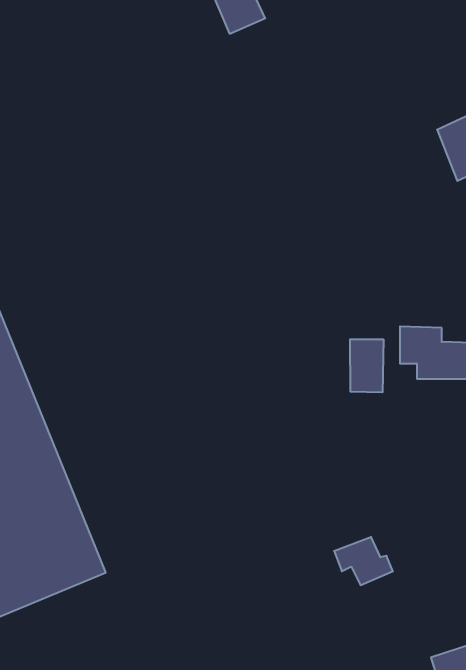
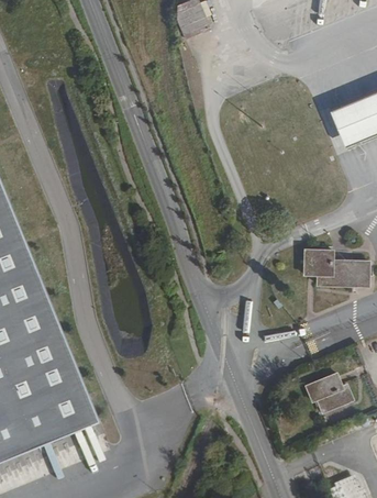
building: [350,339,383,392] -> none
building: [334,537,393,585] -> [304,373,346,407]

